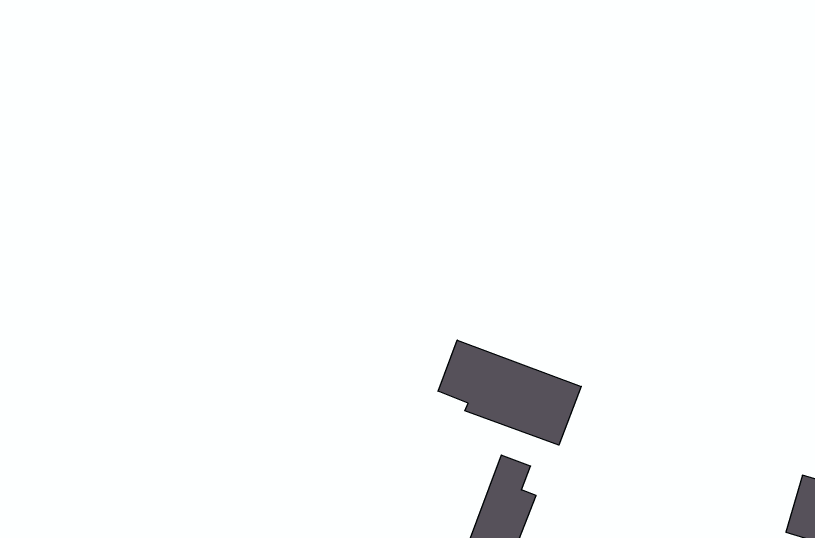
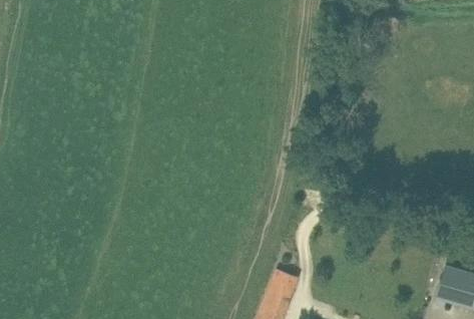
building: [438,340,581,445] -> none

